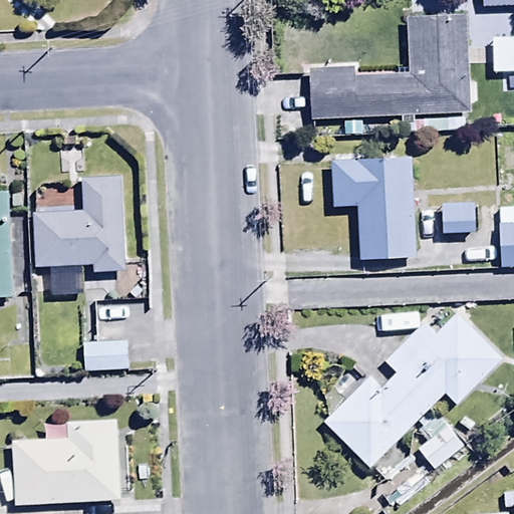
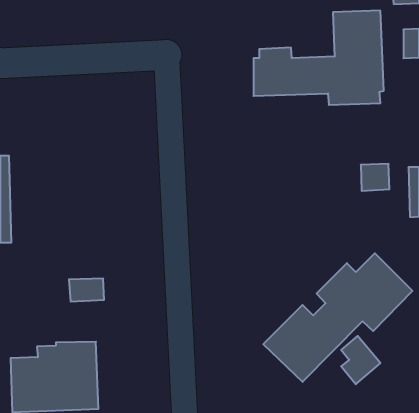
building: [334,159,416,260] -> none
building: [34,176,125,273] -> none

